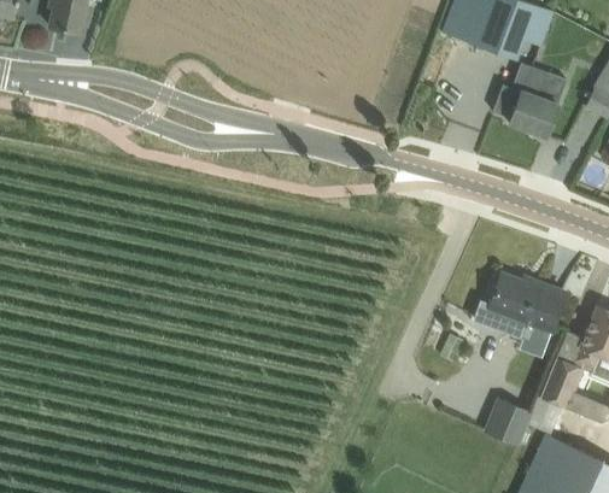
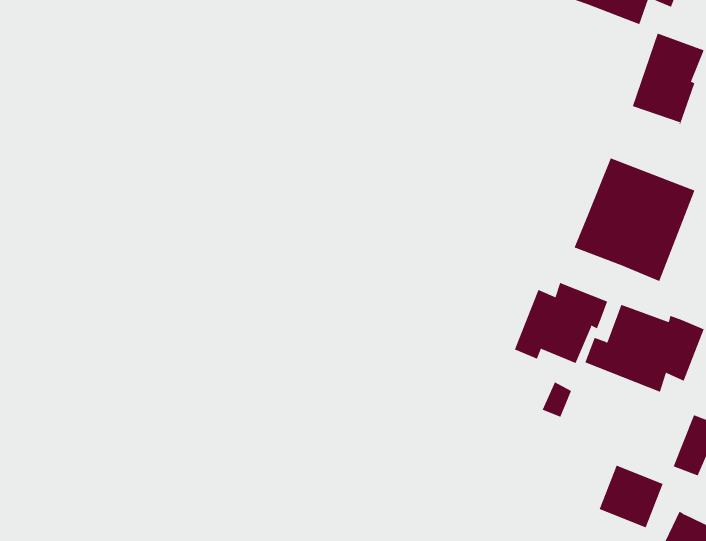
building: none -> [574,157,695,282]
building: none -> [514,282,608,364]

